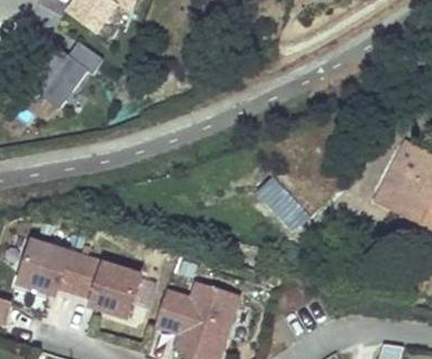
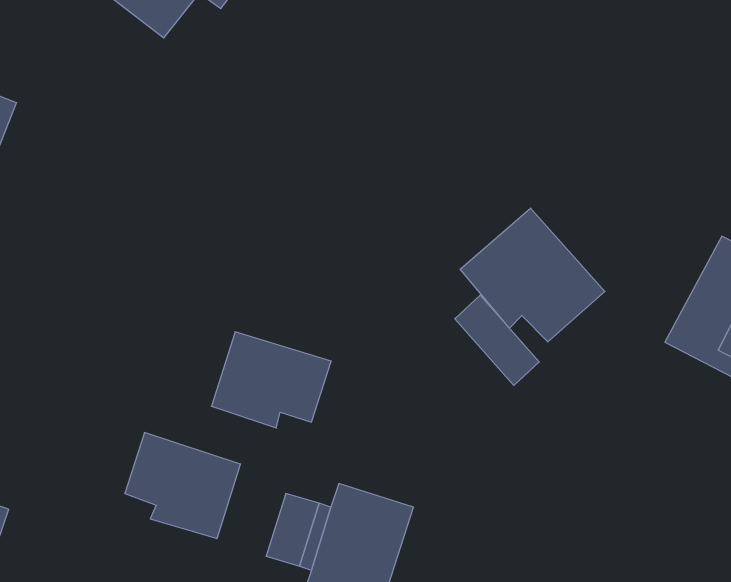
building: [25,43,104,110] -> none
building: none -> [460,208,605,342]
building: [17,239,84,293] -> [211,332,331,428]

